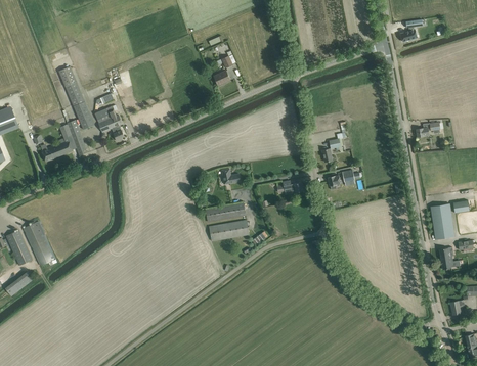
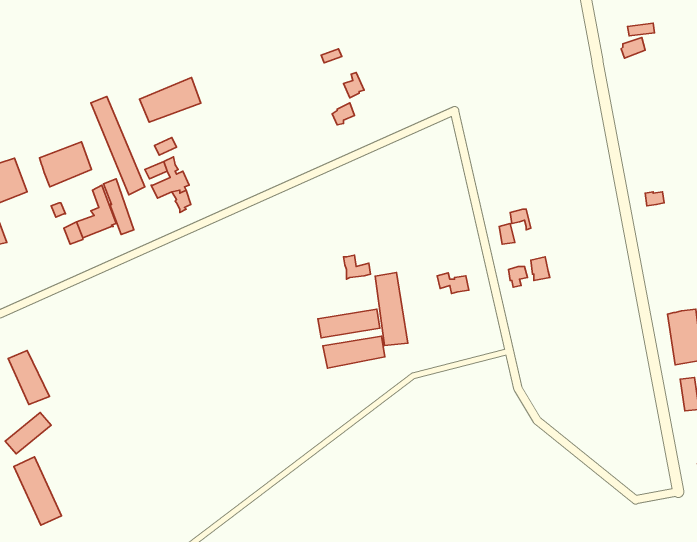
building: none -> [139,78,201,122]
building: none -> [39,142,91,187]
building: none -> [375,272,408,345]
building: [24,222,54,266] -> [14,457,61,525]

